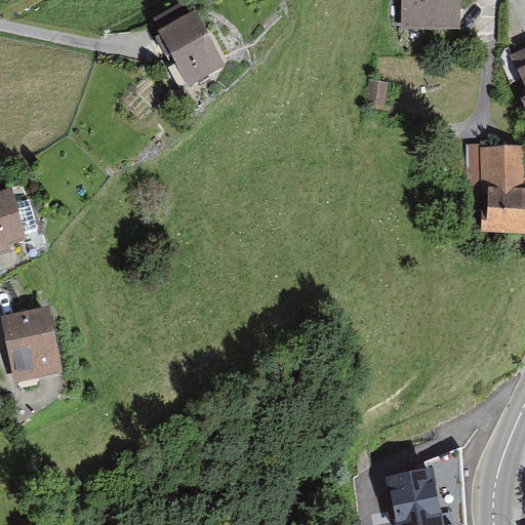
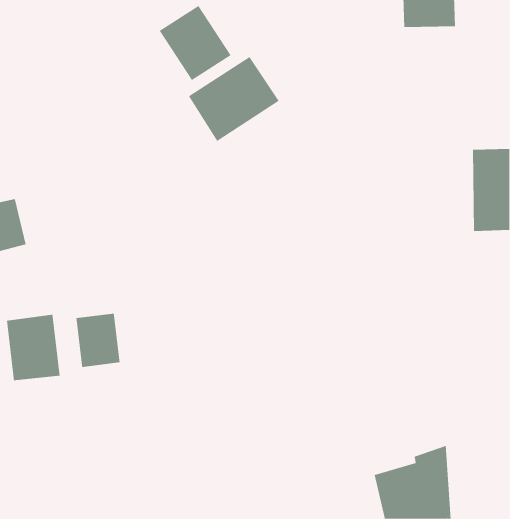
building: none -> [188,56,279,142]
building: none -> [76,313,120,368]

